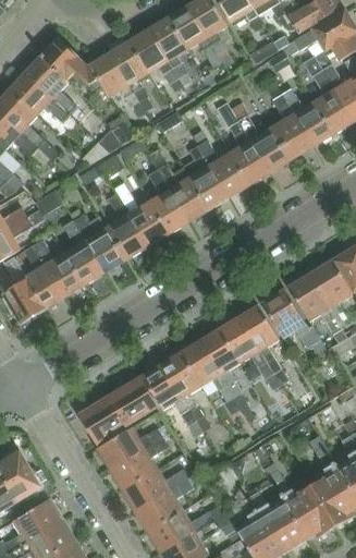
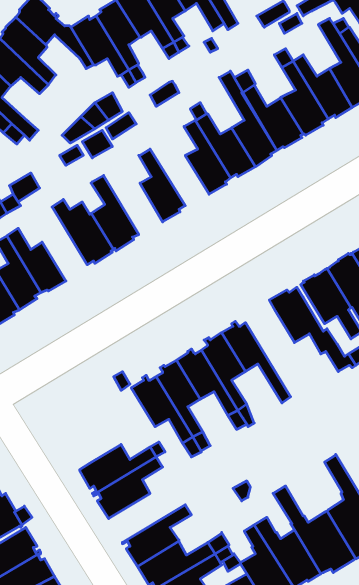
building: [151,151,209,219] -> none
building: [114,182,169,244] -> none
building: [64,220,103,284] -> none
building: [241,305,287,385] -> none
building: [79,377,159,442] -> none
building: [122,469,188,511] -> none

